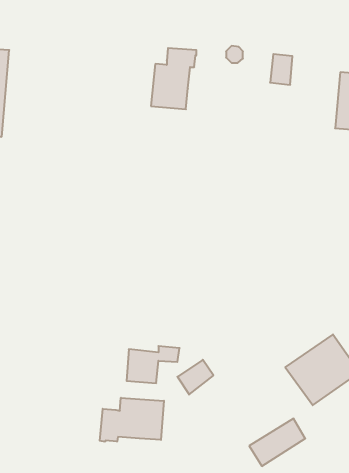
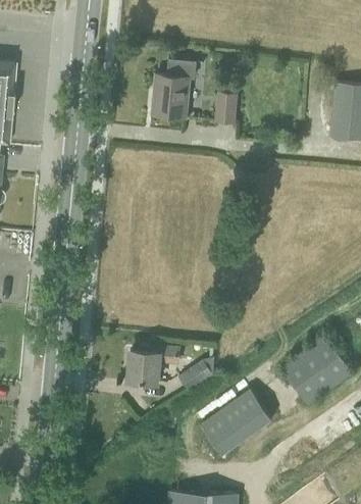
building: [270,54,292,85] -> [214,93,236,122]
building: [100,398,164,442] -> none
building: [249,419,305,466] -> [208,400,262,446]

